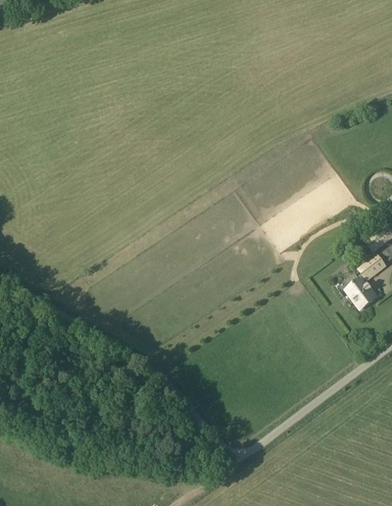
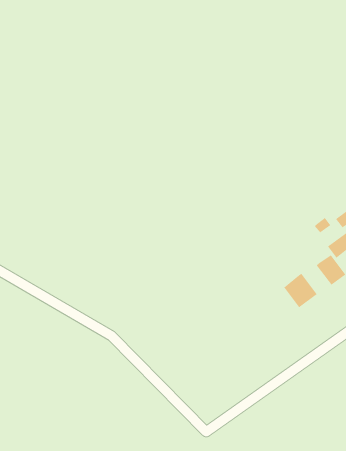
building: none -> [283,273,317,308]

